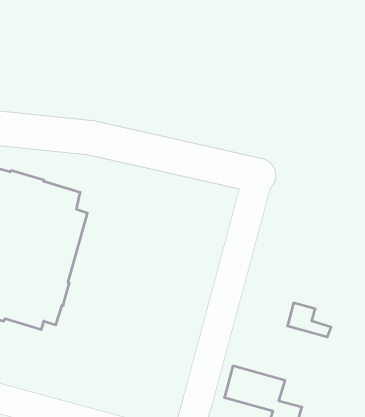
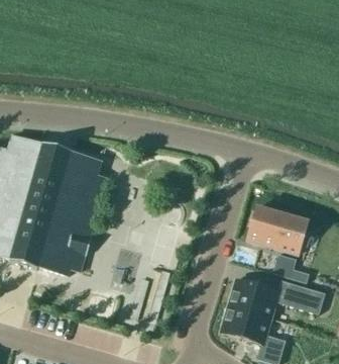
building: none -> [245,201,309,256]
building: none -> [227,280,324,318]

